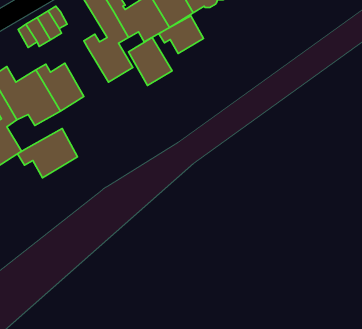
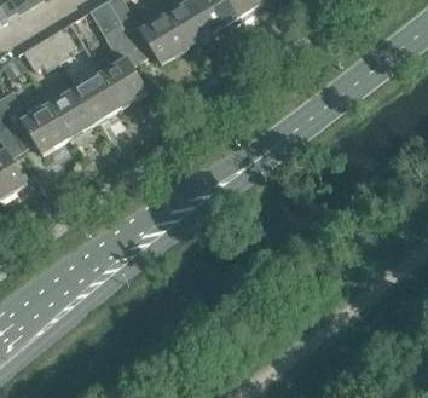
building: [159,16,203,53] -> none
building: [129,37,172,85] -> [74,71,121,123]
building: [18,129,78,178] -> none

